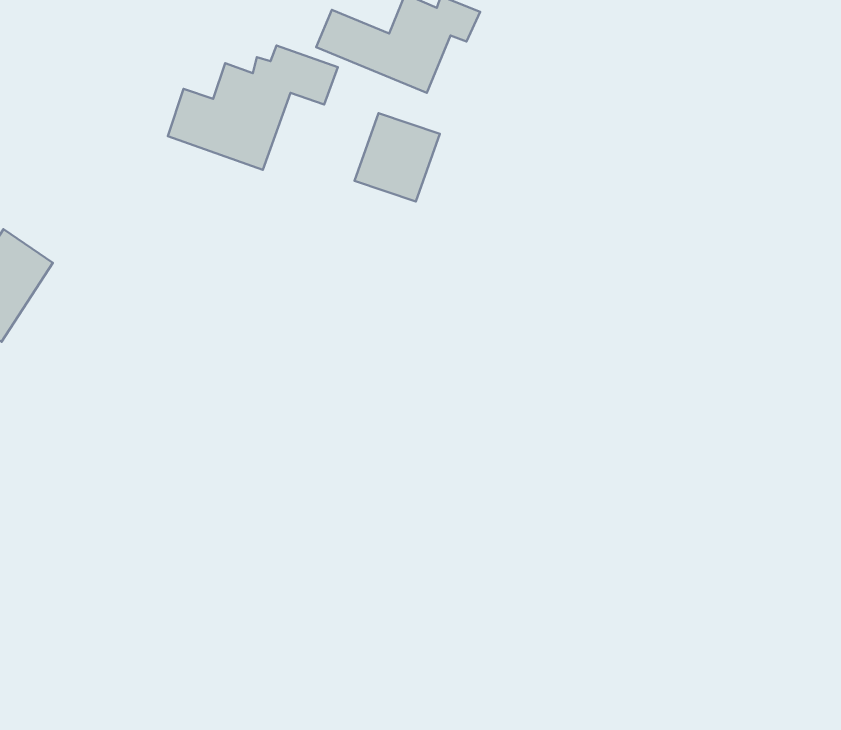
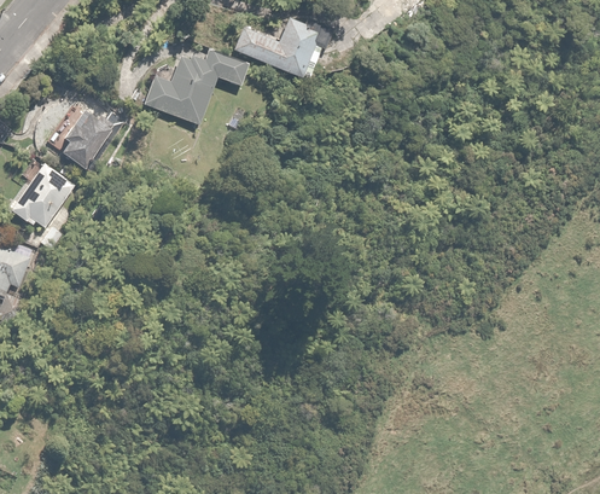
building: [355,113,440,202] -> none
building: none -> [60,105,118,169]

